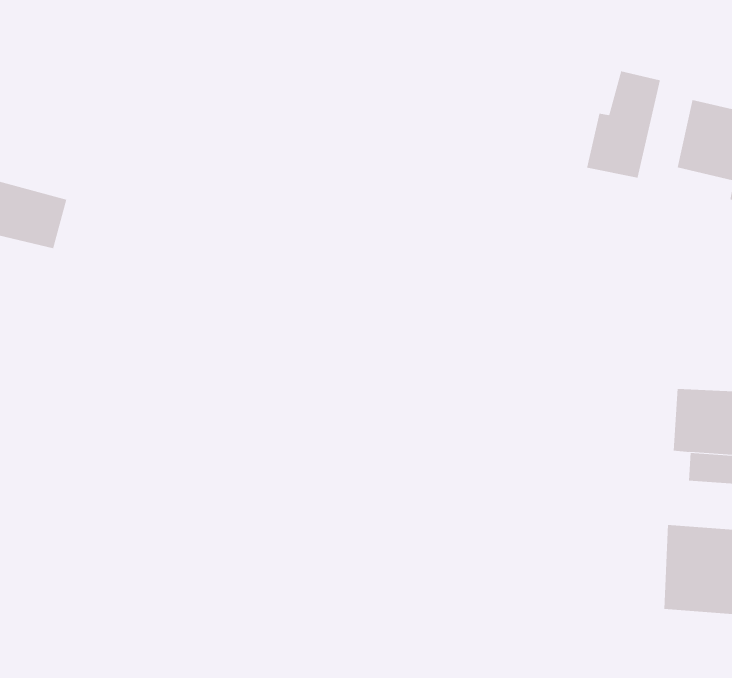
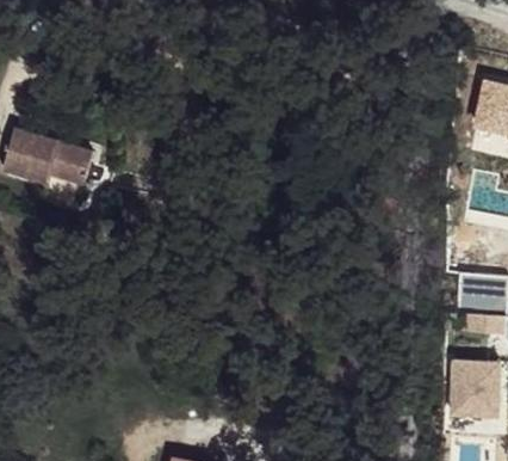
building: [586,70,661,179] -> none

